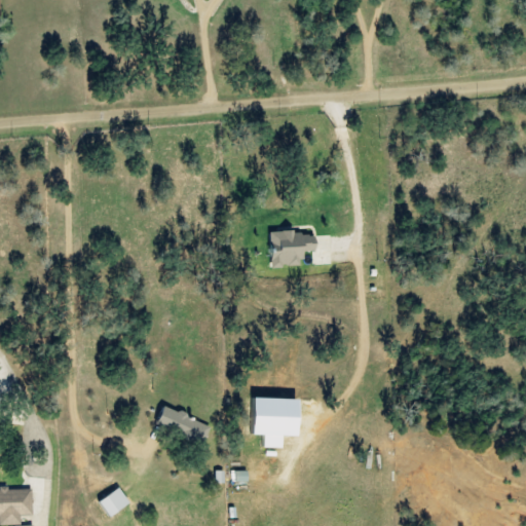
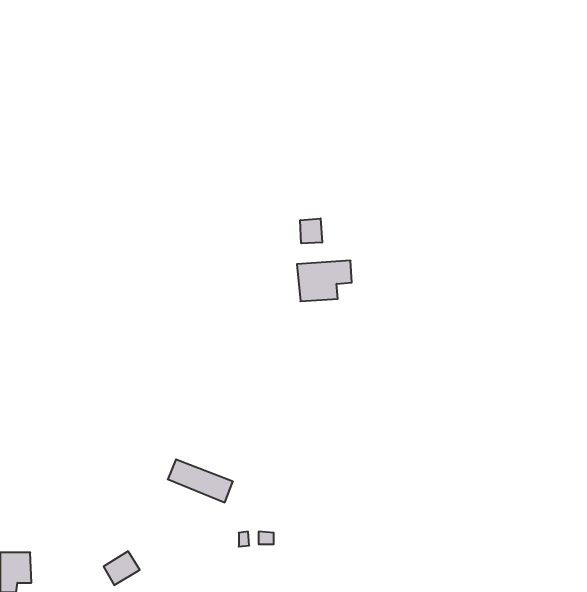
building: none -> [300,218,322,243]
building: [246,398,294,448] -> none

